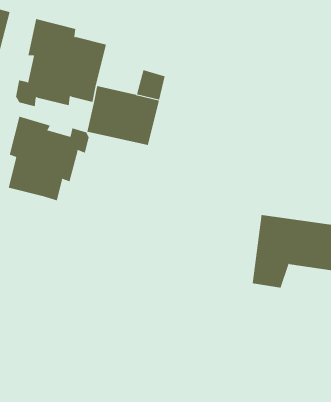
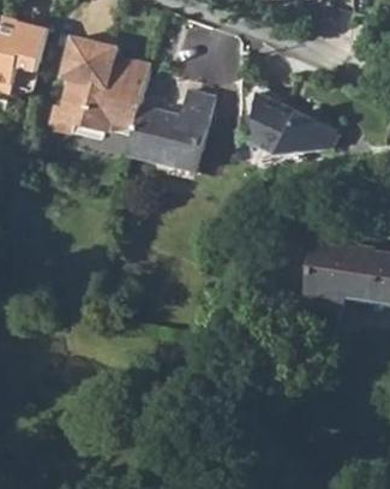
building: none -> [253,91,337,155]
building: [8,116,89,201] -> none

